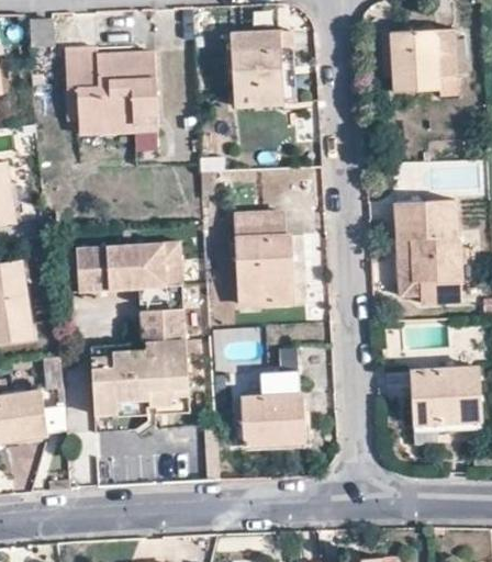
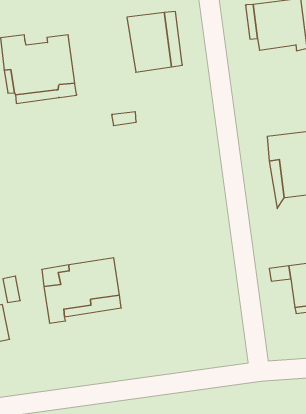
building: [235,213,293,304] -> none
building: [76,245,188,345] -> none
building: [242,372,303,446] -> none

